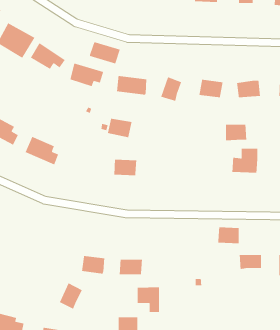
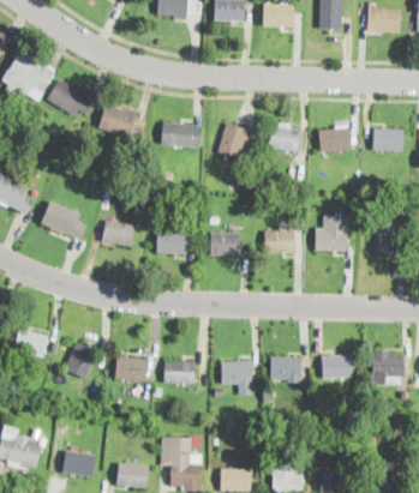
building: [89,41,121,65] -> none
building: [107,118,132,138] -> [102,220,136,246]
building: [225,124,247,141] -> [267,230,295,253]
building: none -> [211,233,240,254]
building: [218,227,240,244] -> [271,357,300,380]
building: none -> [16,330,48,356]
building: [59,282,83,310] -> [66,341,97,377]
building: [137,286,160,313] -> [222,360,252,395]

